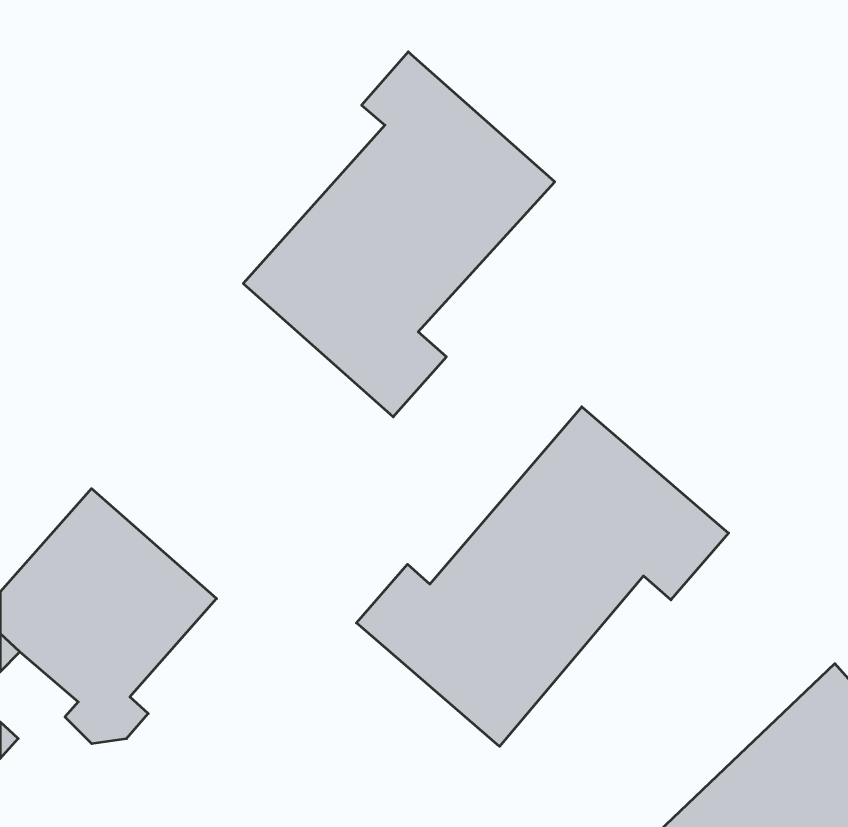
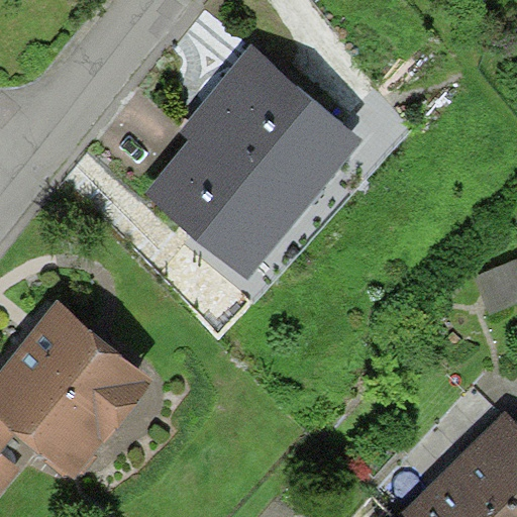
building: [356,407,729,746] -> none

